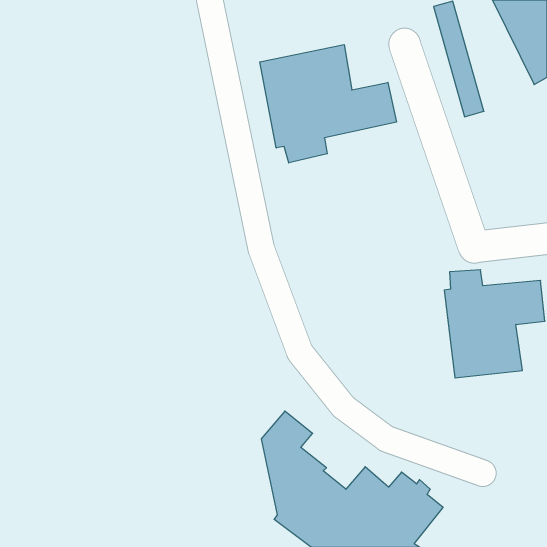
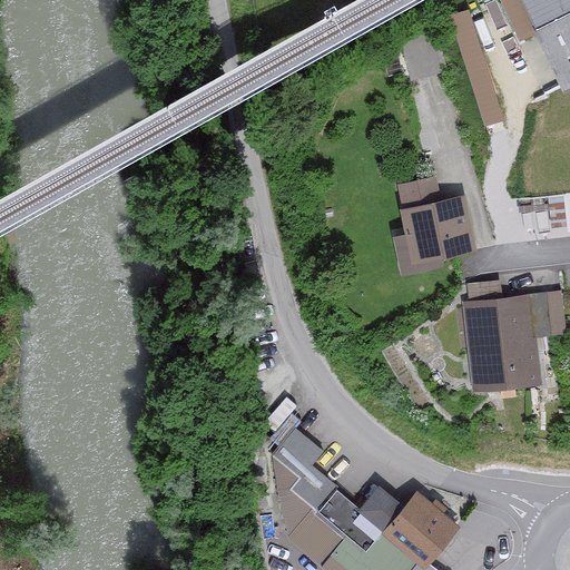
building: [260,45,396,163] -> none
building: none -> [385,175,471,273]

